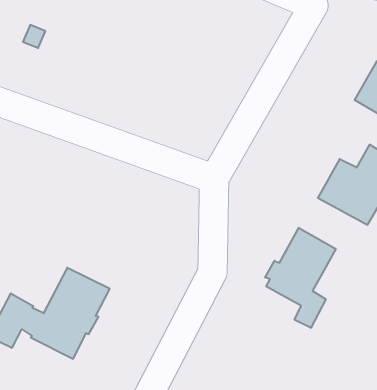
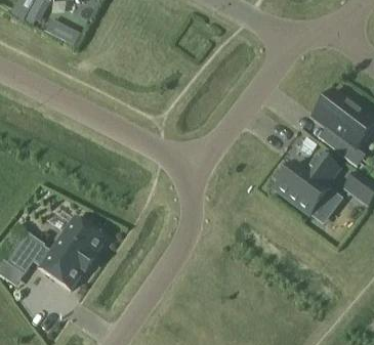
building: [265,228,336,328] -> none

